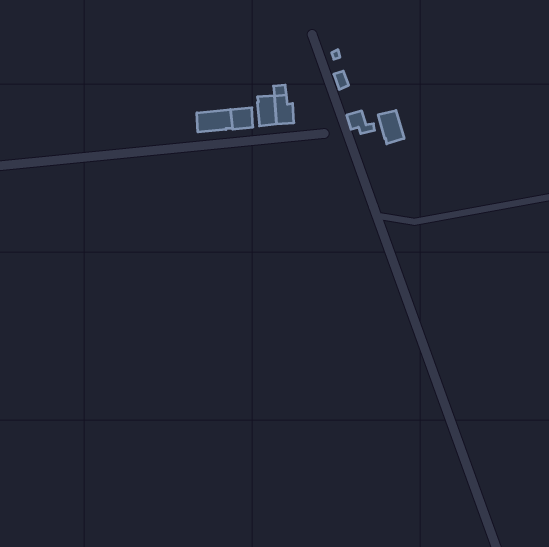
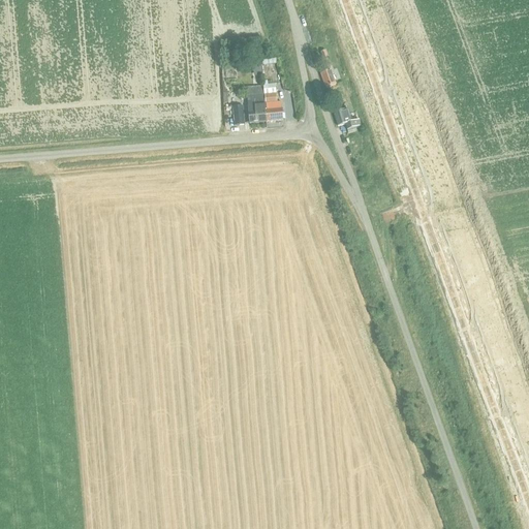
building: [197,109,232,132] -> none
building: [378,110,404,144] -> none

